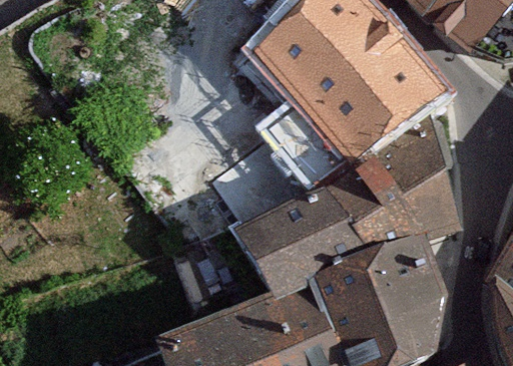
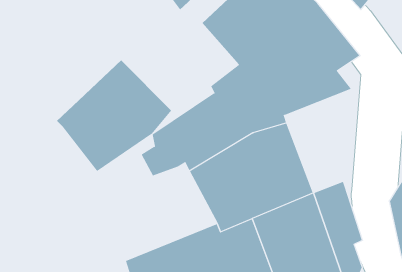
building: none -> [56,60,172,172]
building: [354,125,450,257] -> none

